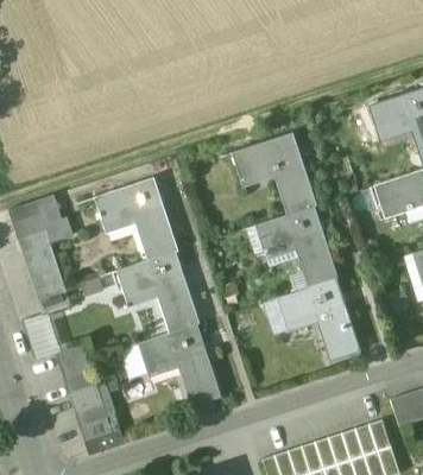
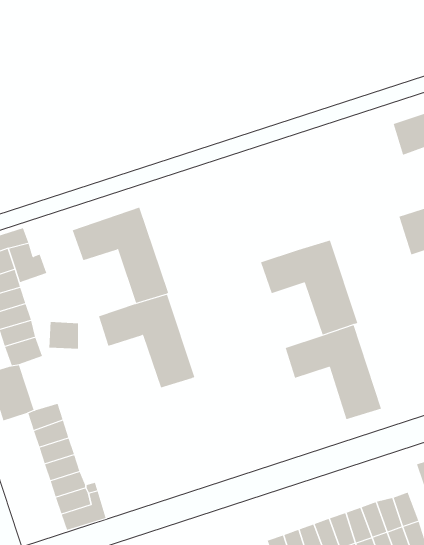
building: [232,132,318,215] -> none
building: [137,325,221,406] -> none

